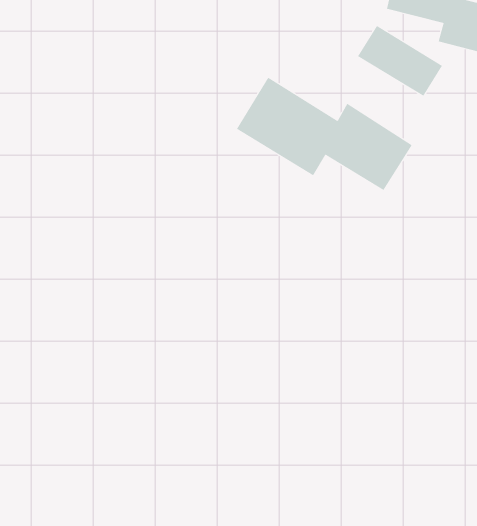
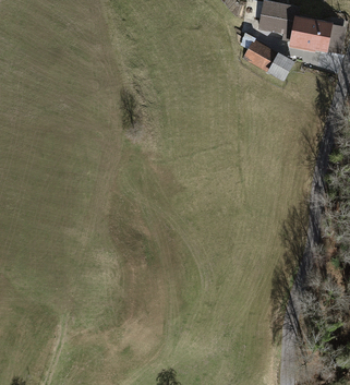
building: [236,77,413,191] -> none

